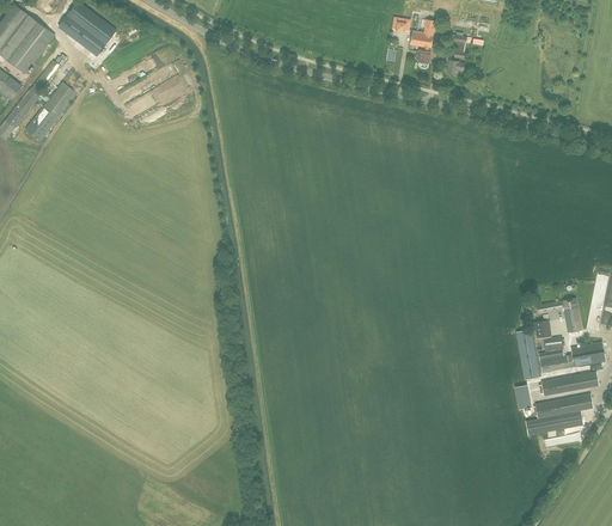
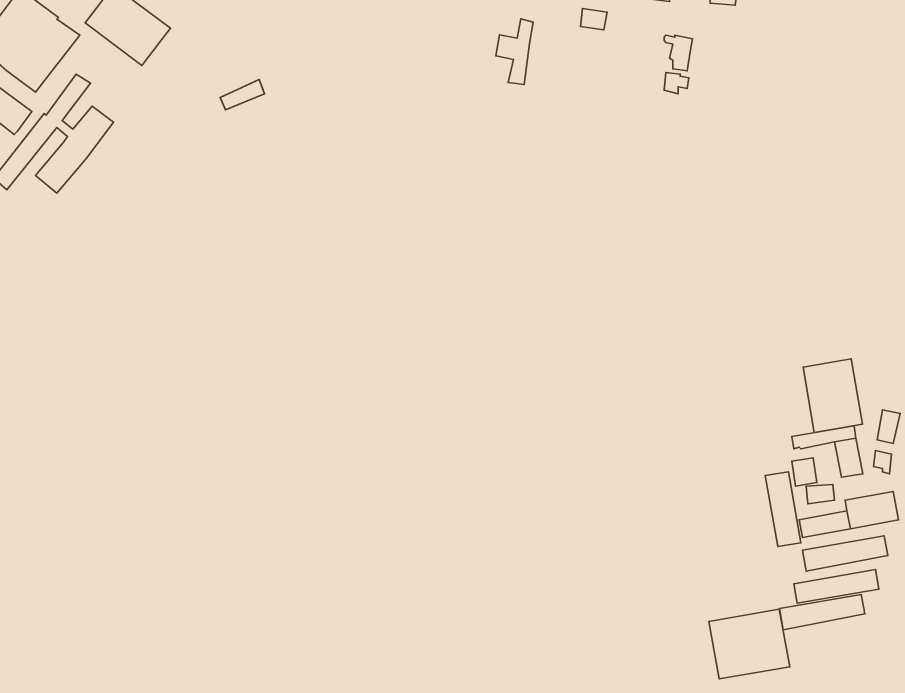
building: [410,19,435,63] -> [496,19,533,84]
building: none -> [803,359,862,433]
building: none -> [709,609,790,679]

